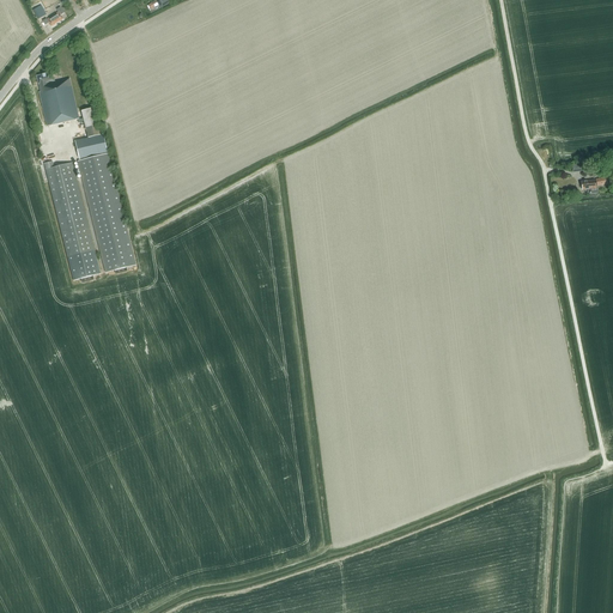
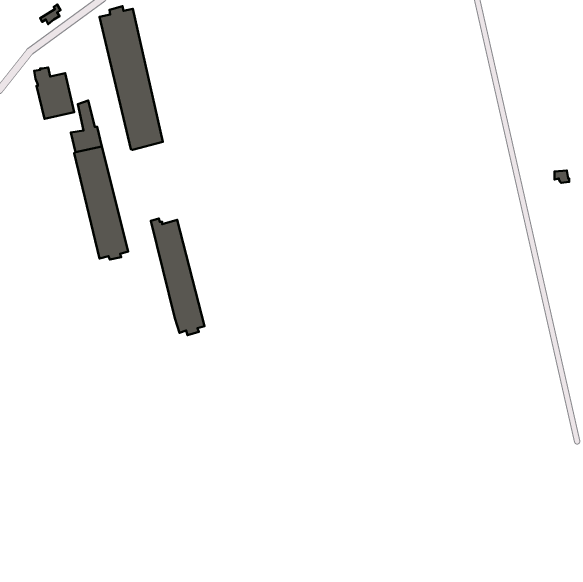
building: none -> [100,6,163,150]
building: [43,159,99,281] -> [151,219,205,335]

